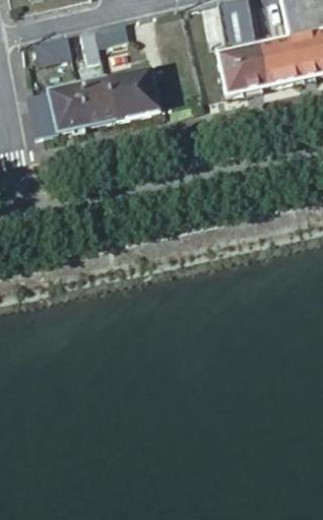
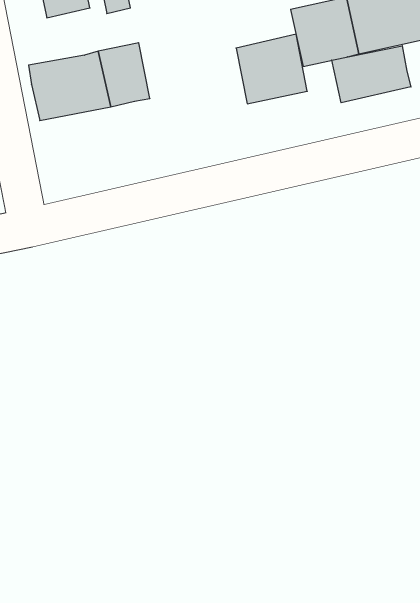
building: [108,69,159,120] -> [236,34,307,104]
building: none -> [332,46,411,103]

